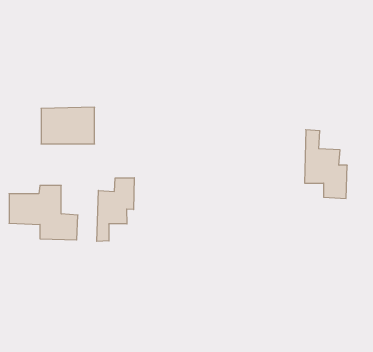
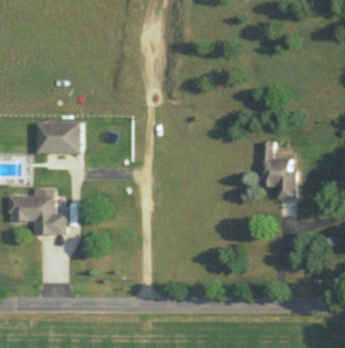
building: [97,178,134,241] -> none

